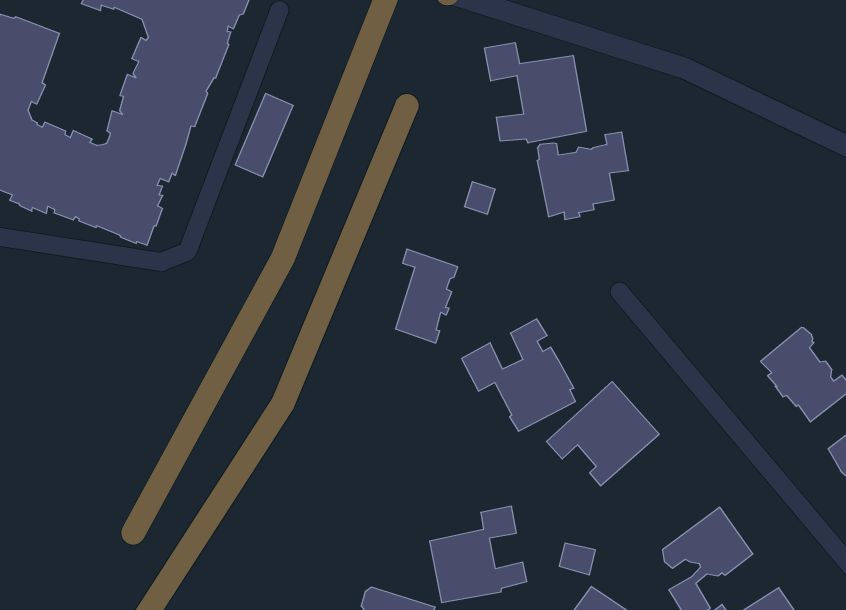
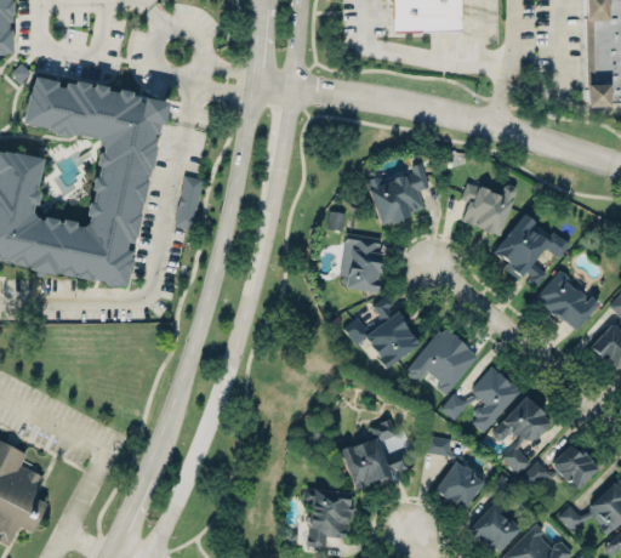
building: [485,43,586,143] -> none
building: none -> [462,182,517,235]
building: none -> [495,212,570,289]
building: [395,249,458,343] -> [346,233,382,291]
building: none -> [441,366,519,431]

